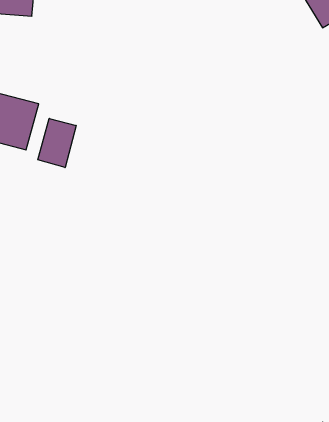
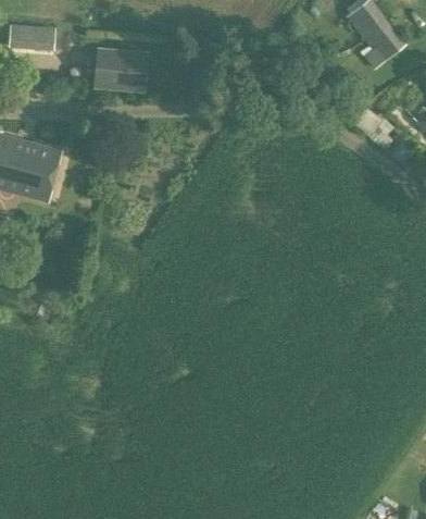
building: none -> [96,47,148,89]
building: [38,118,76,168] -> none

